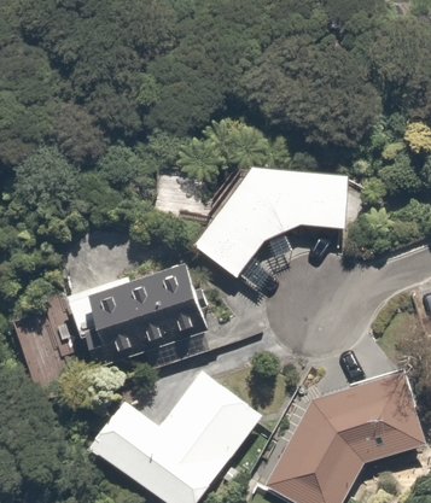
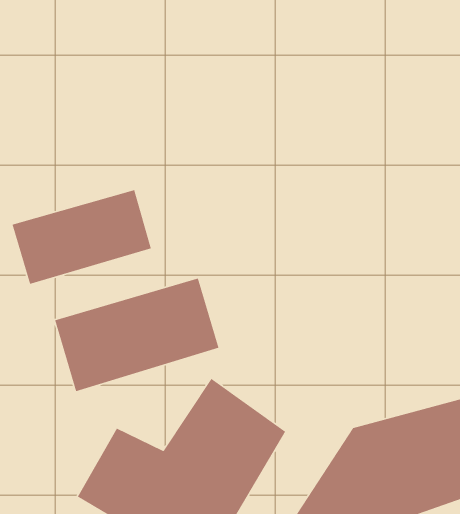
building: [193,166,351,280] -> none
building: none -> [12,189,152,285]

